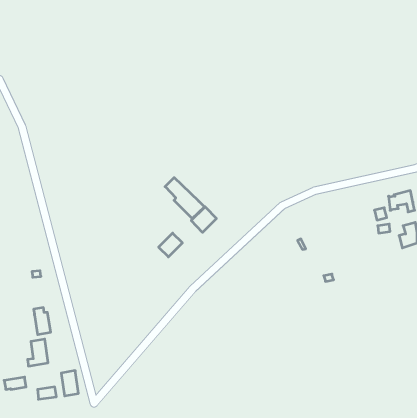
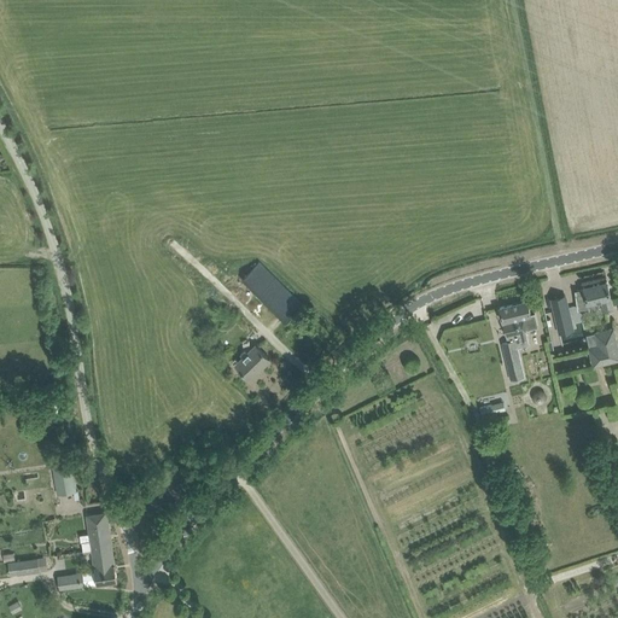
building: none -> [499,301,536,380]
building: [191,207,216,232] -> none
building: [28,339,48,366] -> [81,512,111,552]

